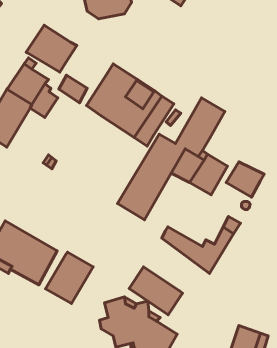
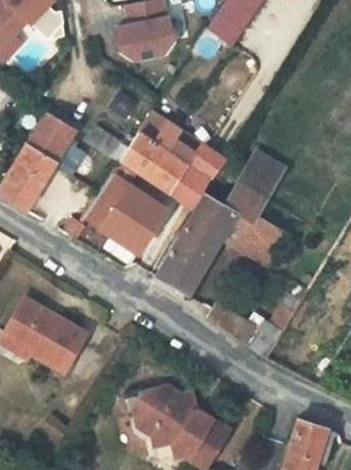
building: [26,25,77,72] -> none
building: none -> [85,162,165,253]
building: [226,162,264,197] -> none
building: [46,252,93,303] -> none
building: [129,267,182,315] -> none

